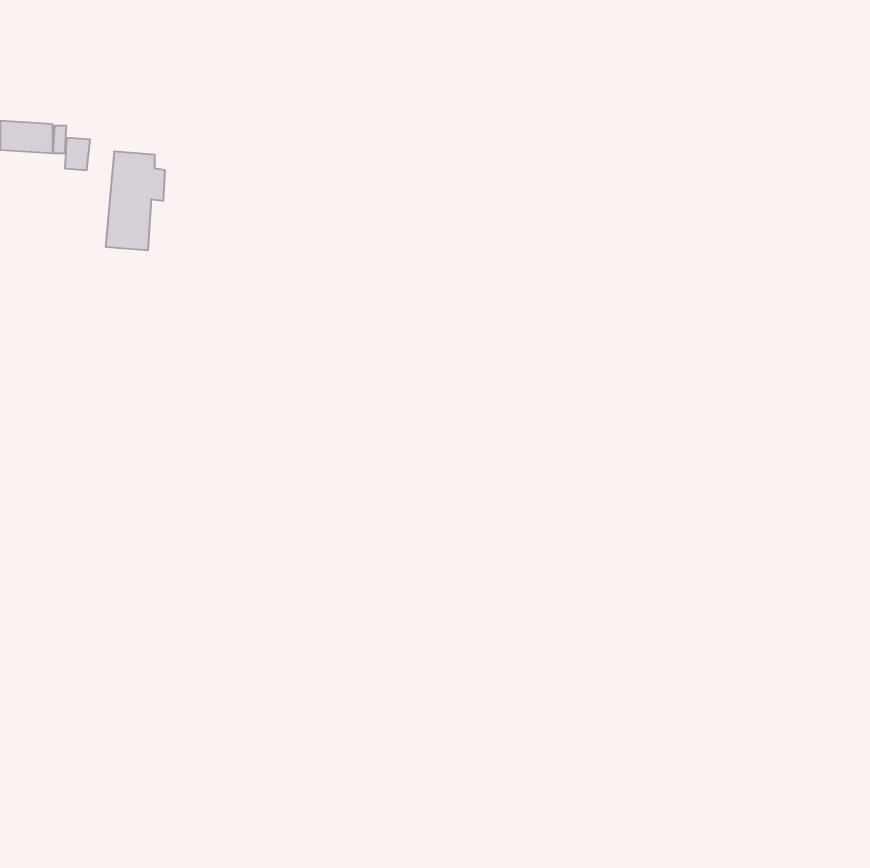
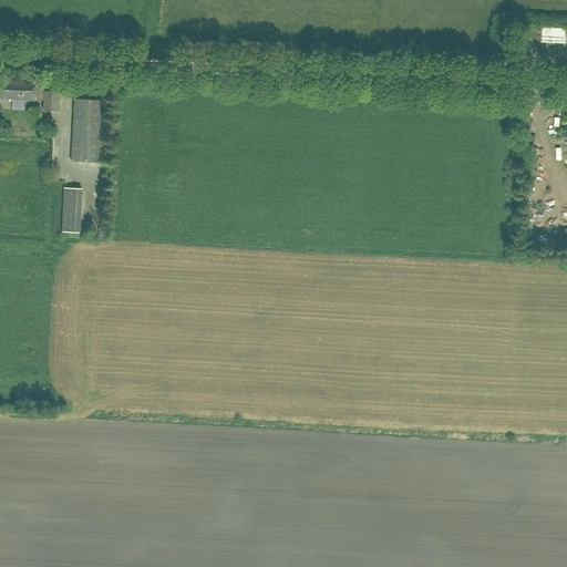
building: none -> [61,187,81,231]

